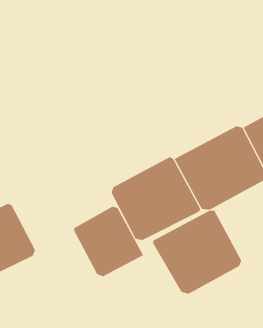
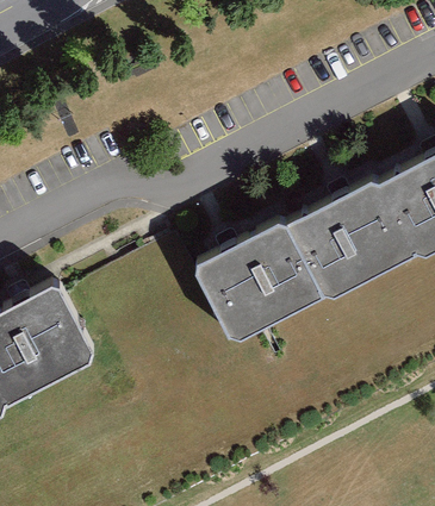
building: [74,206,144,277] -> none
building: [153,210,242,294] -> none

